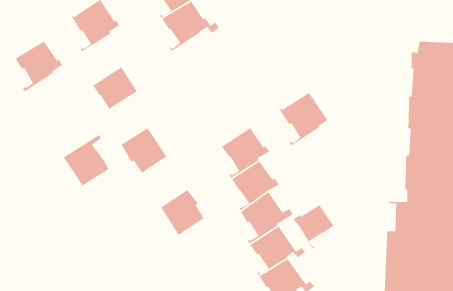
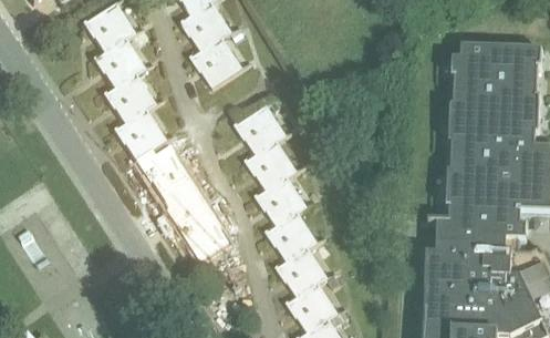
building: none -> [191,39,245,88]
building: [15,40,63,92] -> [94,40,147,96]
building: [279,92,329,146] -> [232,103,287,163]
building: [63,134,109,187] -> [115,103,166,161]
building: none -> [159,174,209,229]
building: [292,204,335,250] -> none

